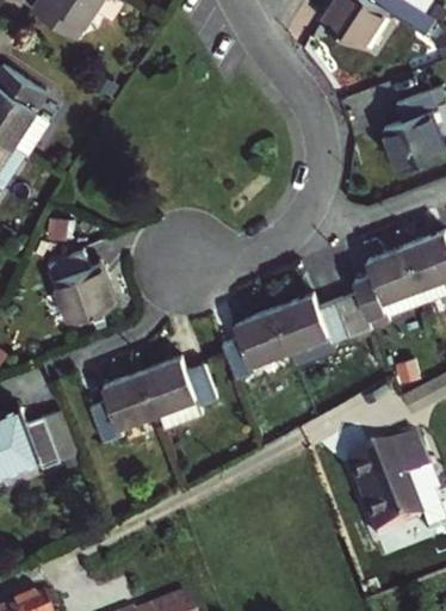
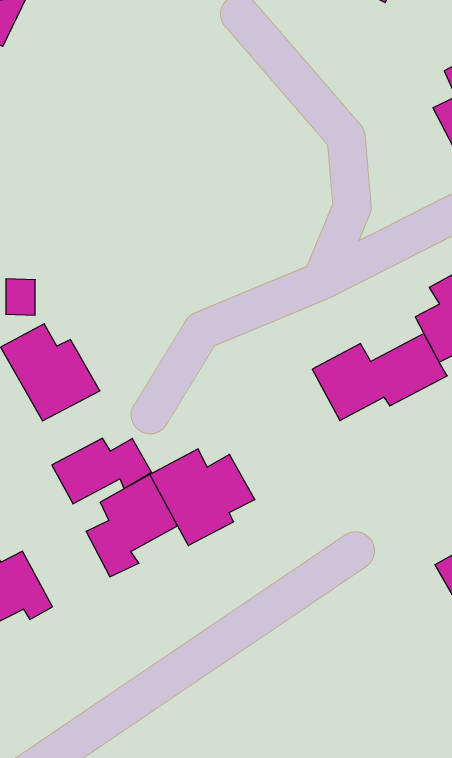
building: [222,309,289,379] -> none
building: none -> [52,438,151,504]

